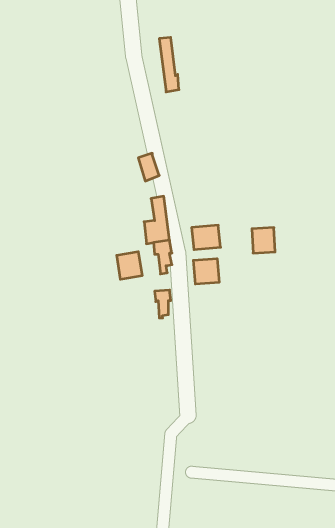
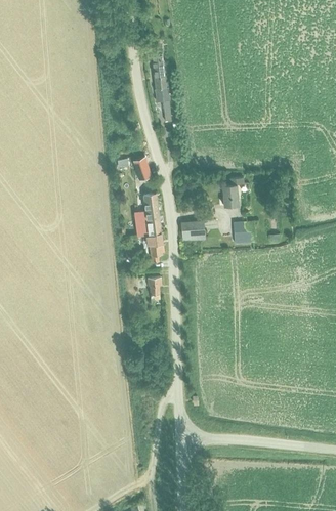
building: none -> [222,179,244,207]
building: [117,252,142,279] -> none
building: [193,259,219,284] -> none

